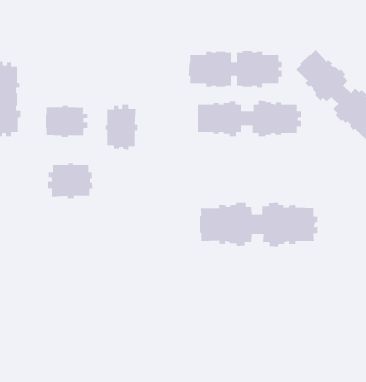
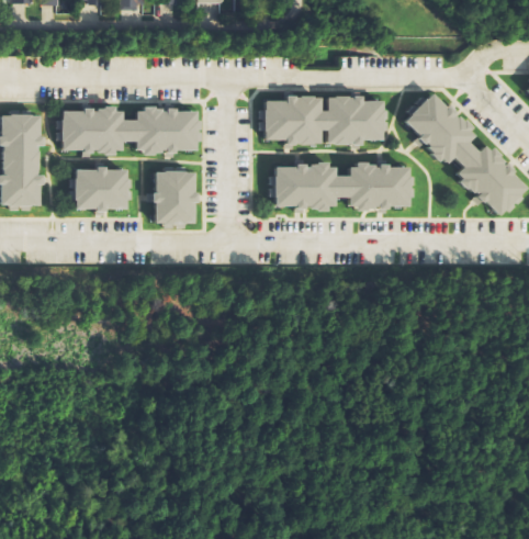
building: none -> [64,106,202,155]
building: [47,162,93,199] -> none
building: [199,202,318,248] -> none

